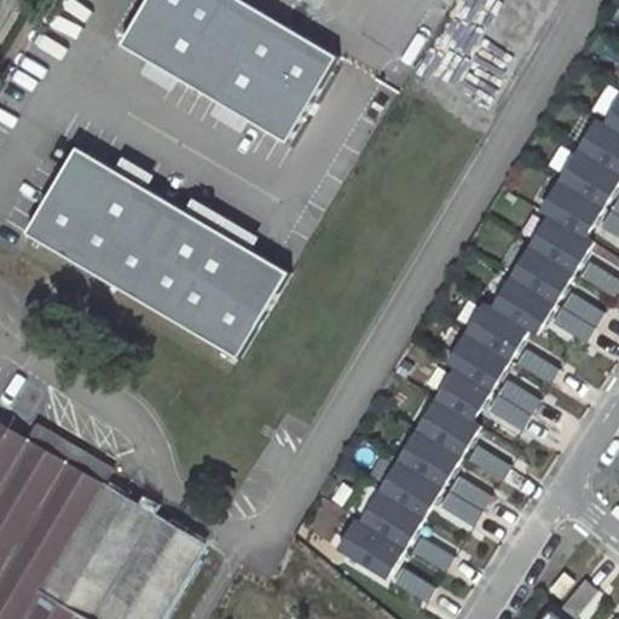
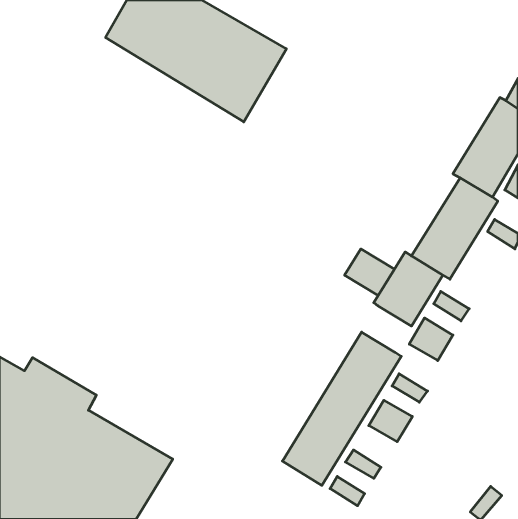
building: [34,150,291,360] -> none
building: [551,291,603,341] -> none
building: [430,364,490,420] -> [345,249,394,296]

